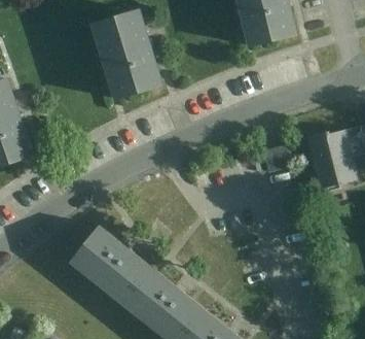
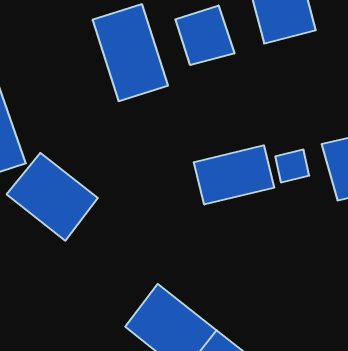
building: none -> [175,5,234,65]
building: none -> [194,145,274,205]
building: [70,225,153,305] -> [7,153,98,241]

